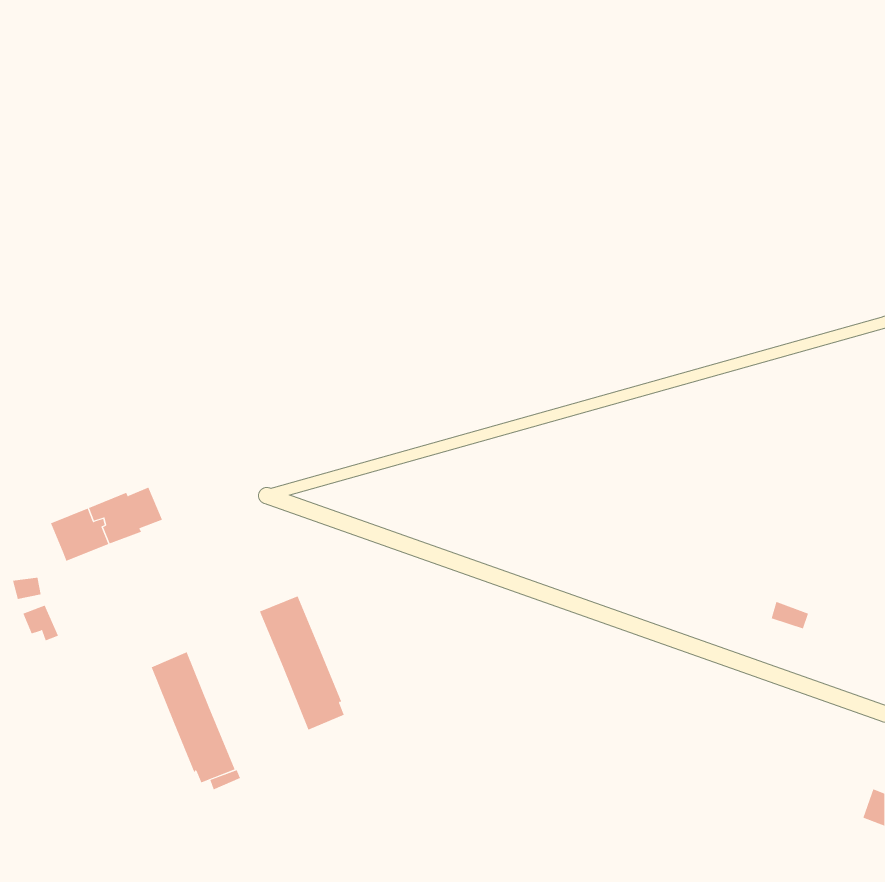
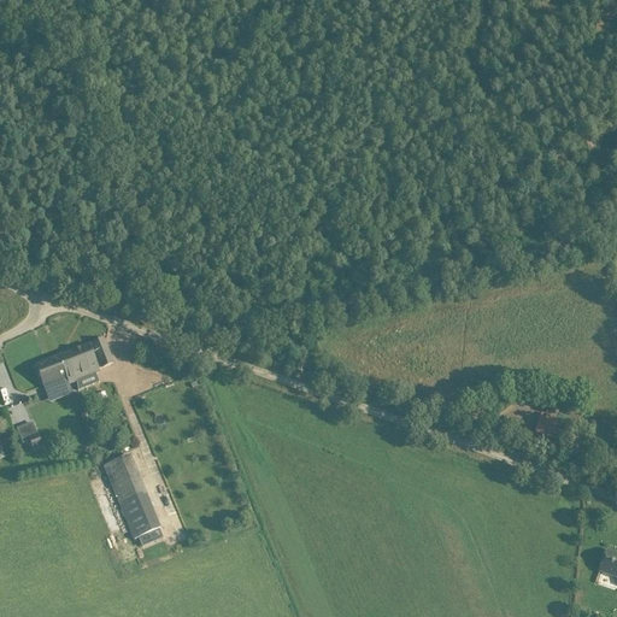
building: [259,596,344,730] -> none

